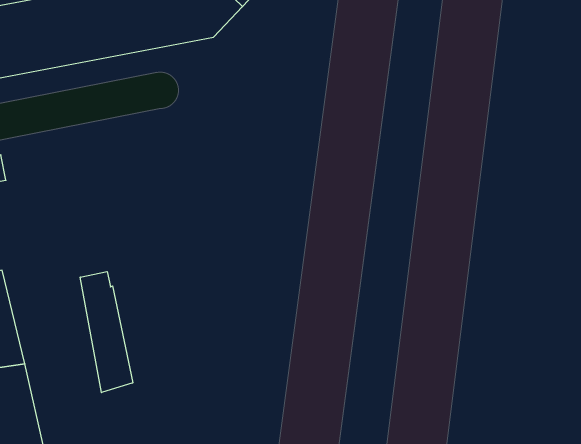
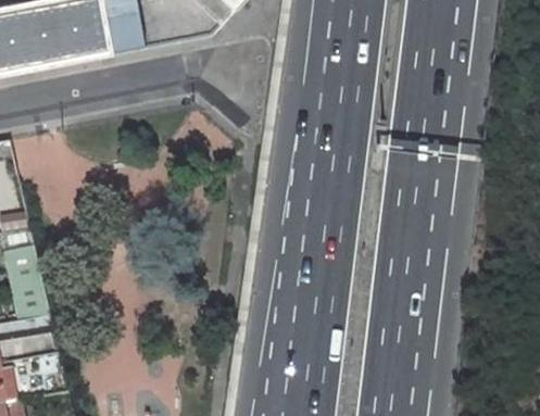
building: [80,272,133,393] -> none

